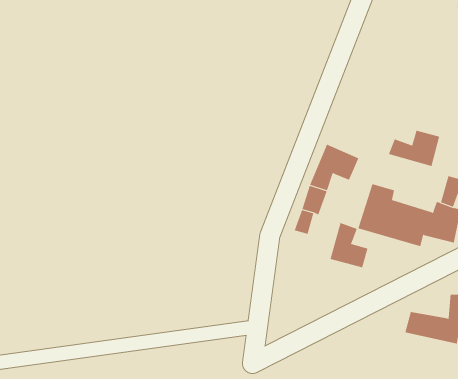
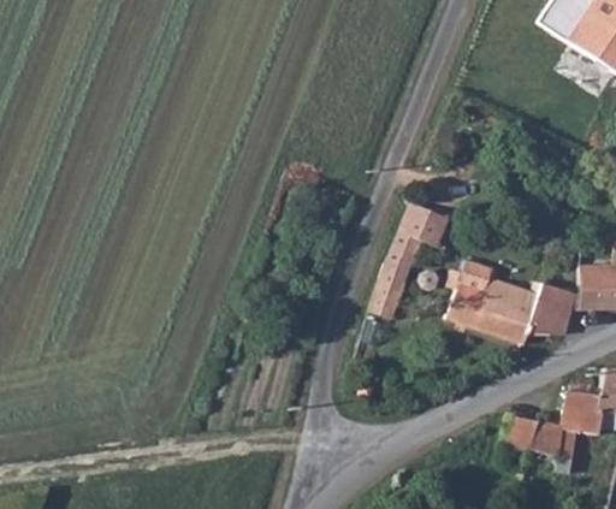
building: [388,130,440,167] -> none
building: [330,222,368,268] -> none

